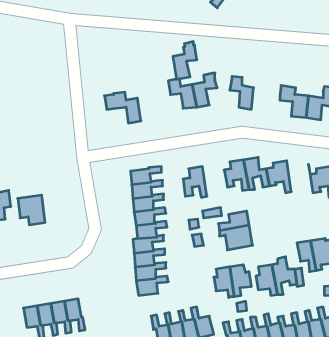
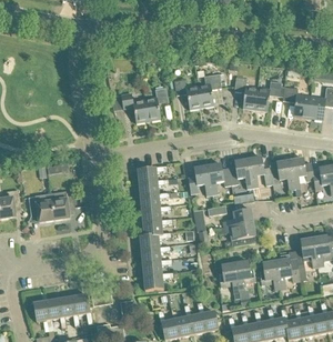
building: [173,42,197,79] -> [144,83,168,120]
building: none -> [255,80,284,110]
building: none -> [290,157,315,190]
building: none -> [208,162,232,193]
building: none -> [51,189,75,219]

